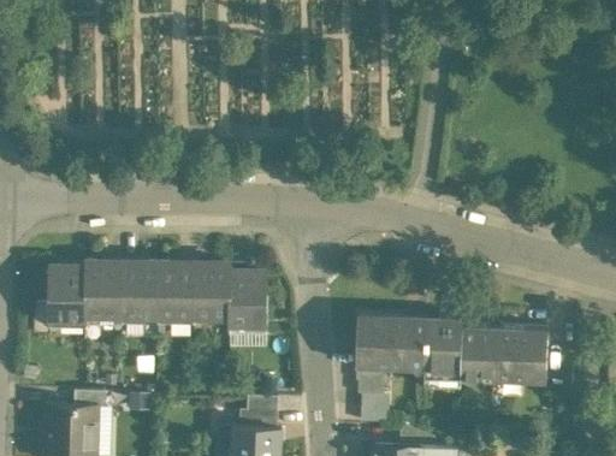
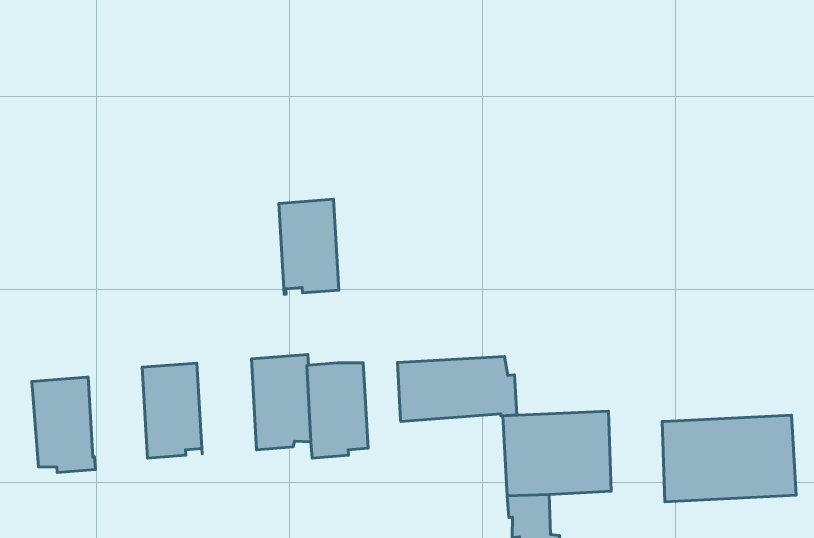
building: [87,262,124,324] -> none
building: [159,263,196,324] -> [279,199,339,294]
building: none -> [397,356,517,422]
building: [425,316,464,379] -> none

